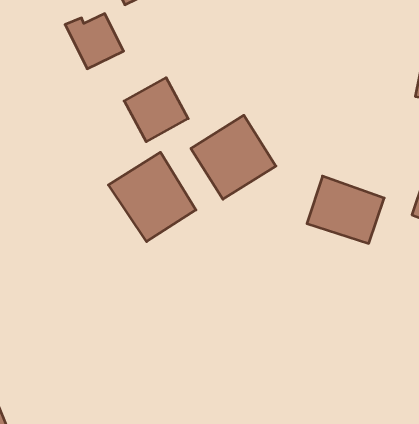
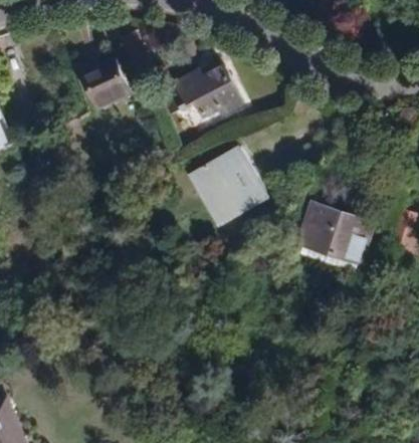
building: [124,78,188,142] -> [180,61,238,120]
building: [108,152,196,242] -> none

